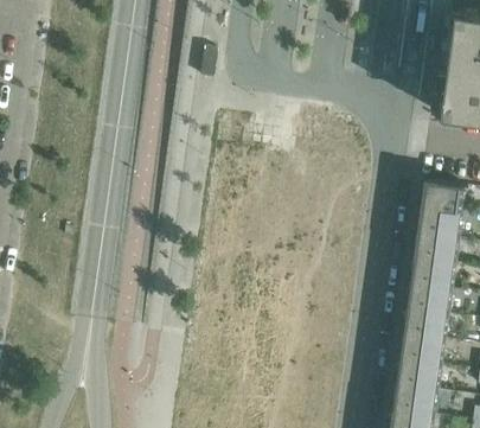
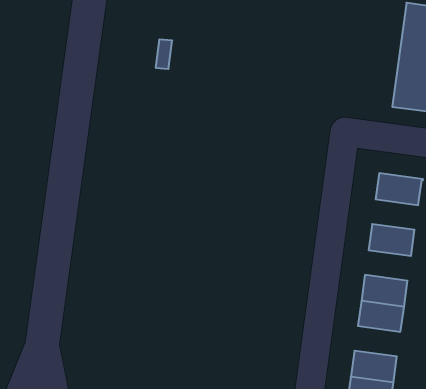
building: [416,209,462,239] -> none
building: [409,260,455,290] -> none
building: [398,336,444,366] -> none

